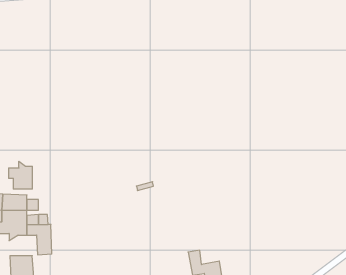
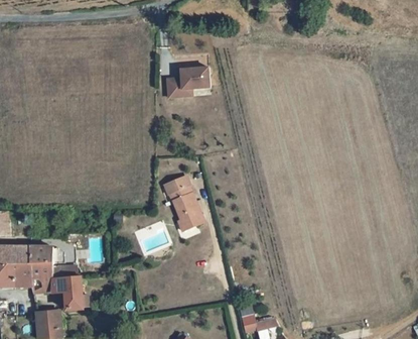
building: none -> [163,69,204,101]
building: none -> [162,176,202,228]
building: [9,161,32,189] -> none

